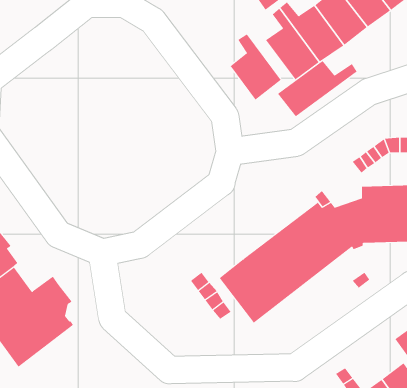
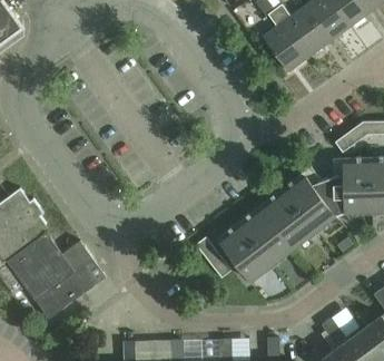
building: [230,33,281,100] -> none
building: [277,60,357,117] -> none

